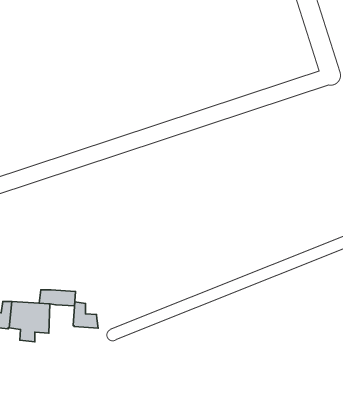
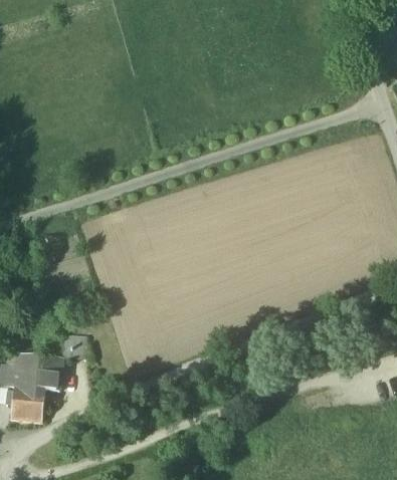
building: [73,302,98,328] -> none
building: none -> [9,384,43,421]

